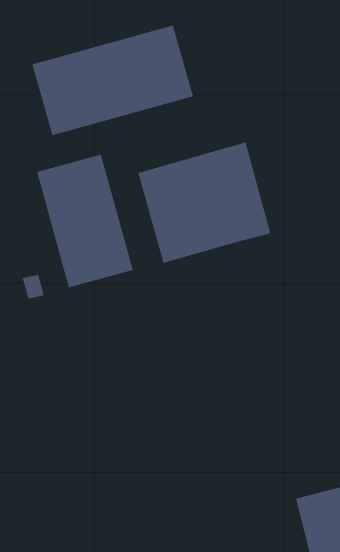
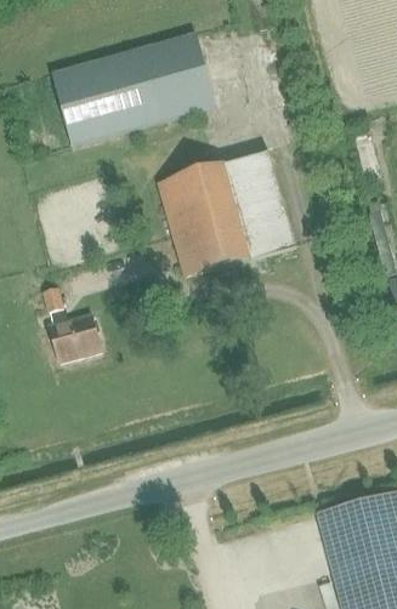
building: [36,154,134,288] -> none
building: none -> [47,314,100,363]

